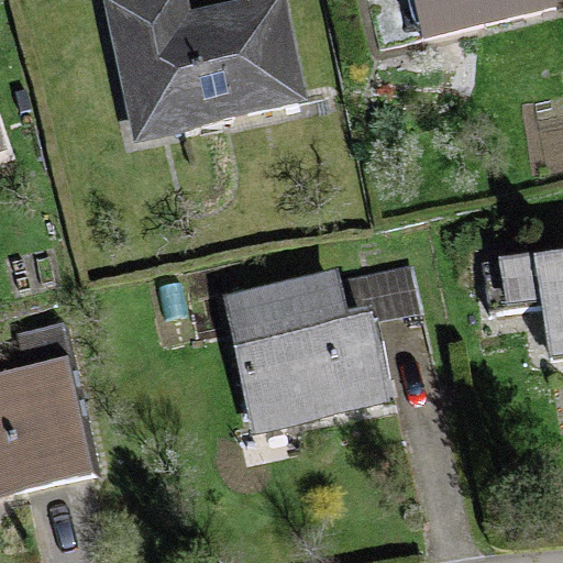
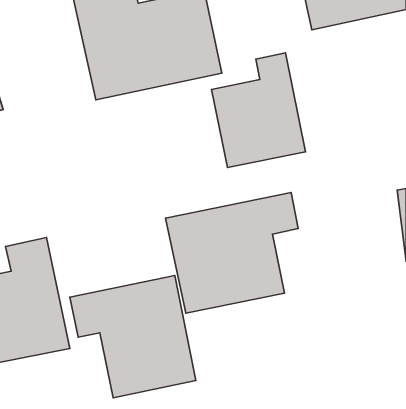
building: none -> [212,53,306,167]
building: none -> [70,276,196,398]

